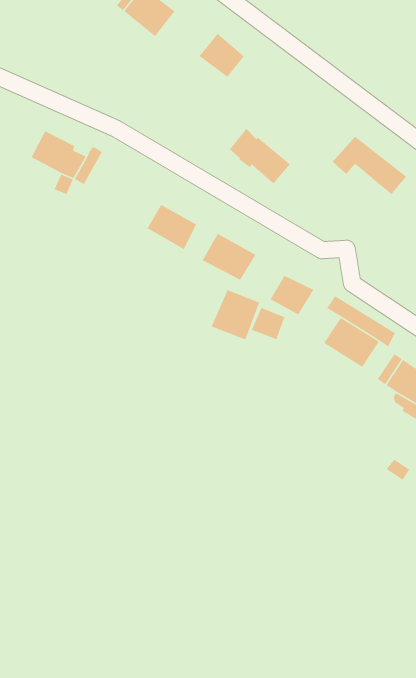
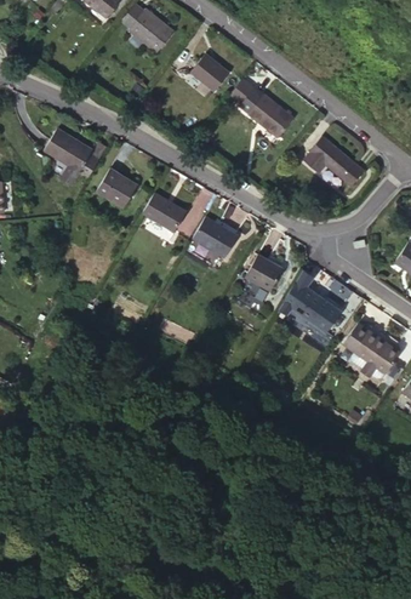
building: [229,128,291,184] -> [241,85,293,132]
building: none -> [99,169,139,207]
building: [211,289,260,341] -> none

